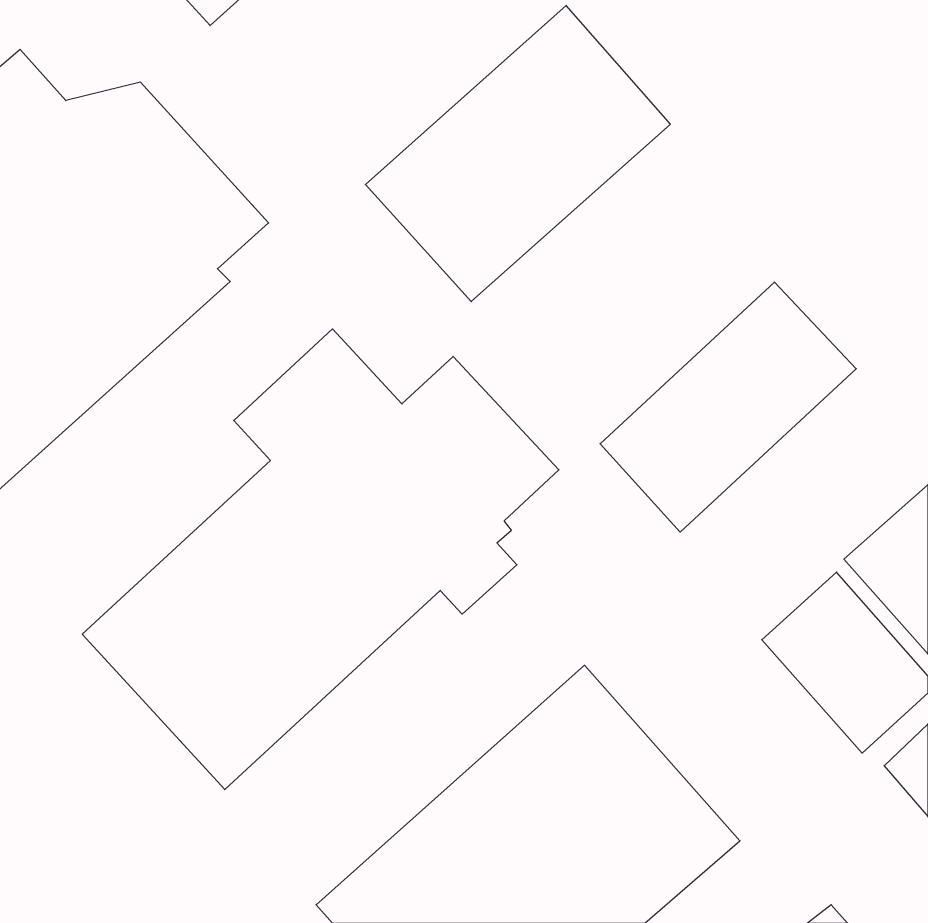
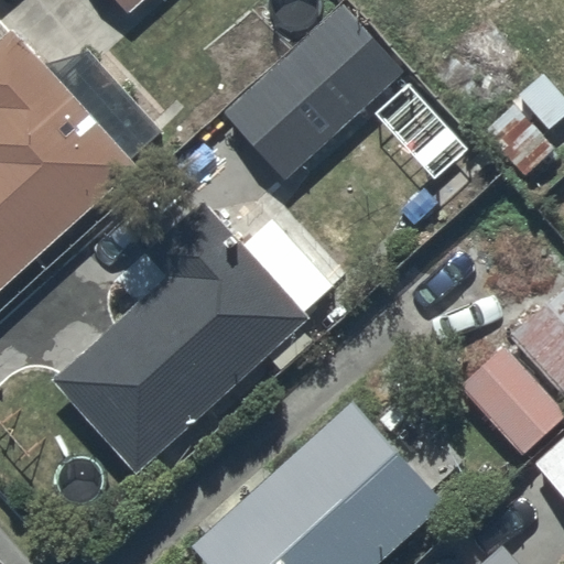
building: [600,282,856,532] -> none

